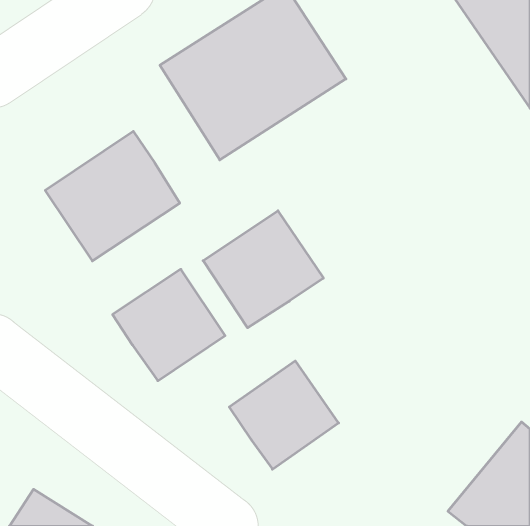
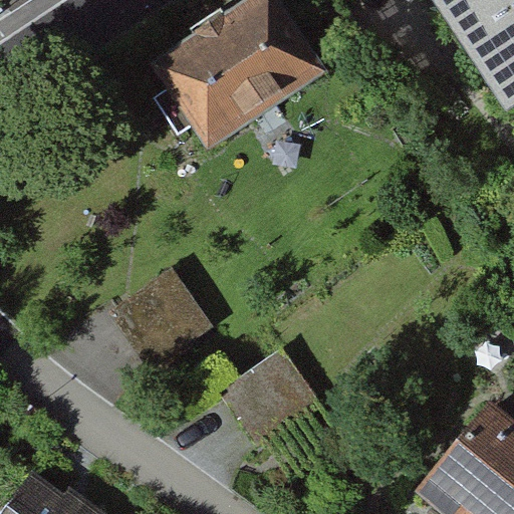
building: [45,131,180,261] -> none
building: [203,211,323,328] -> none

